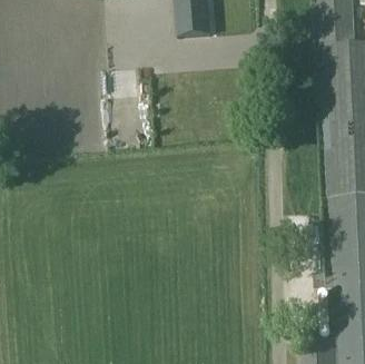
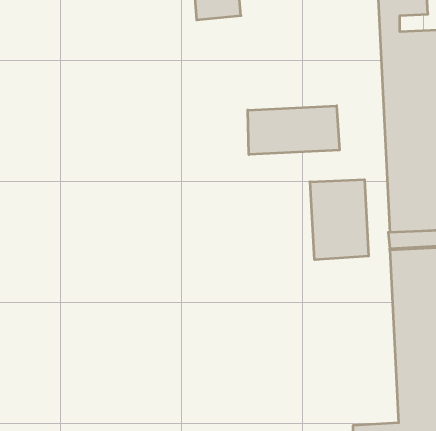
building: none -> [248,106,339,155]
building: none -> [310,180,369,260]

